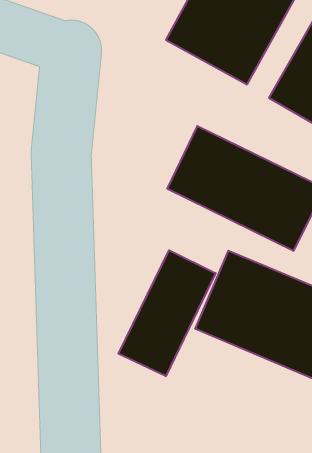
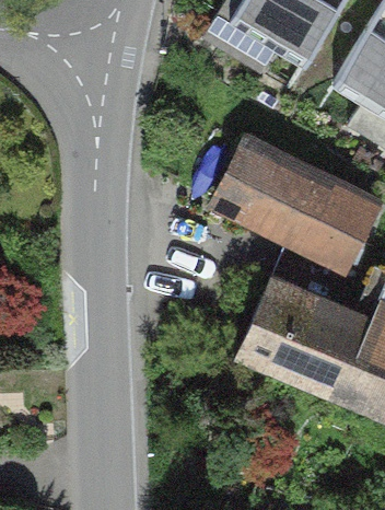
building: [118,250,216,376] -> none

